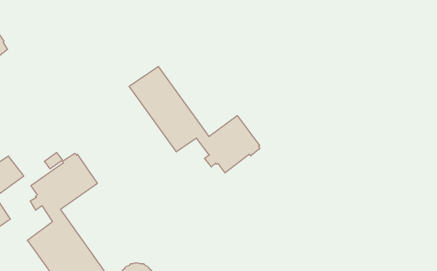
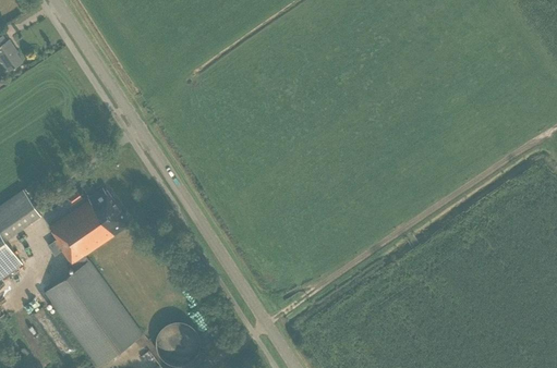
building: [129,66,260,173] -> none

